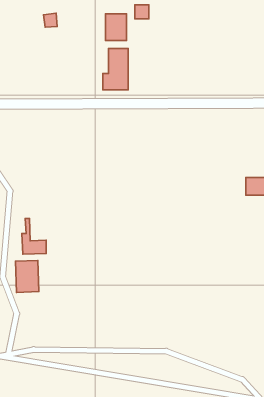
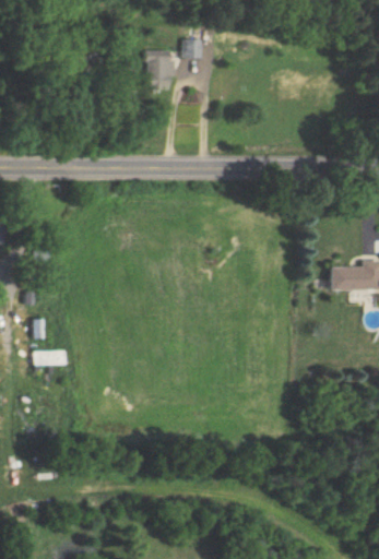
building: [103,48,128,90] -> none
building: [15,260,39,292] -> none

